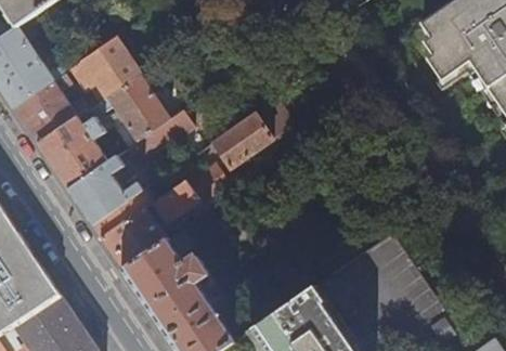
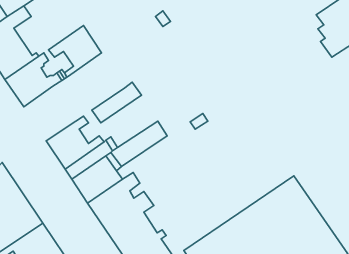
building: [96,74,170,142] -> none
building: [212,101,289,166] -> none
building: [38,117,106,188] -> none

